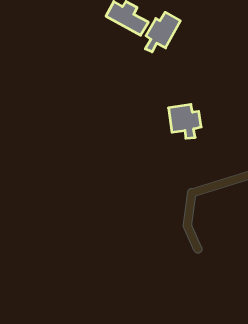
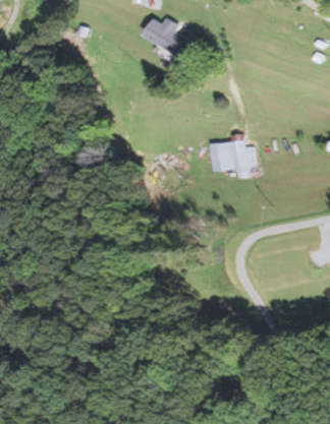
building: [145,12,180,52] -> none

